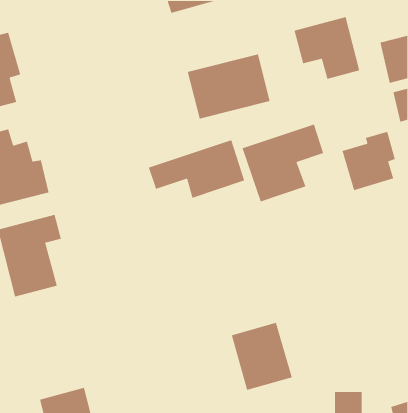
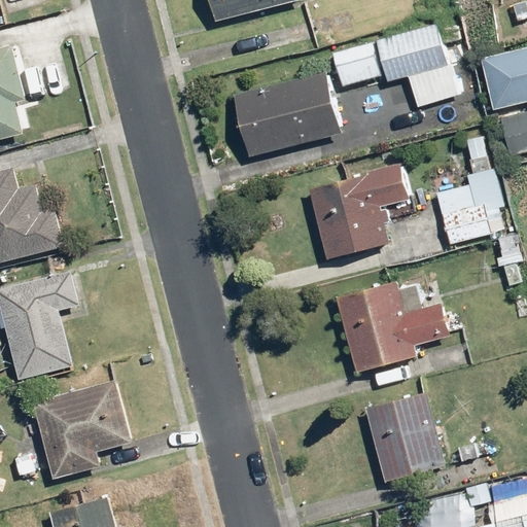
building: none -> [328,41,381,87]
building: [148,139,245,199] -> none
building: none -> [335,280,451,373]
building: none -> [31,381,131,478]
building: [231,322,293,391] -> [366,392,445,480]

